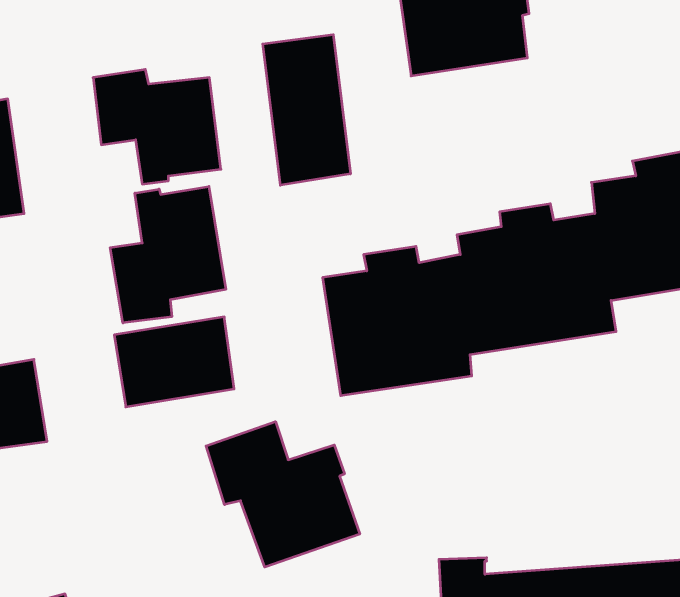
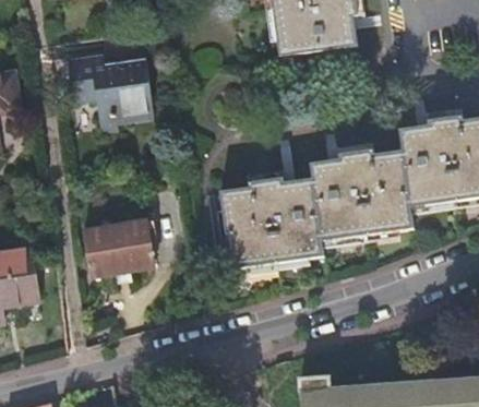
building: [263,35,350,185] -> none
building: [110,186,226,323] -> none
building: [206,422,360,567] -> none

